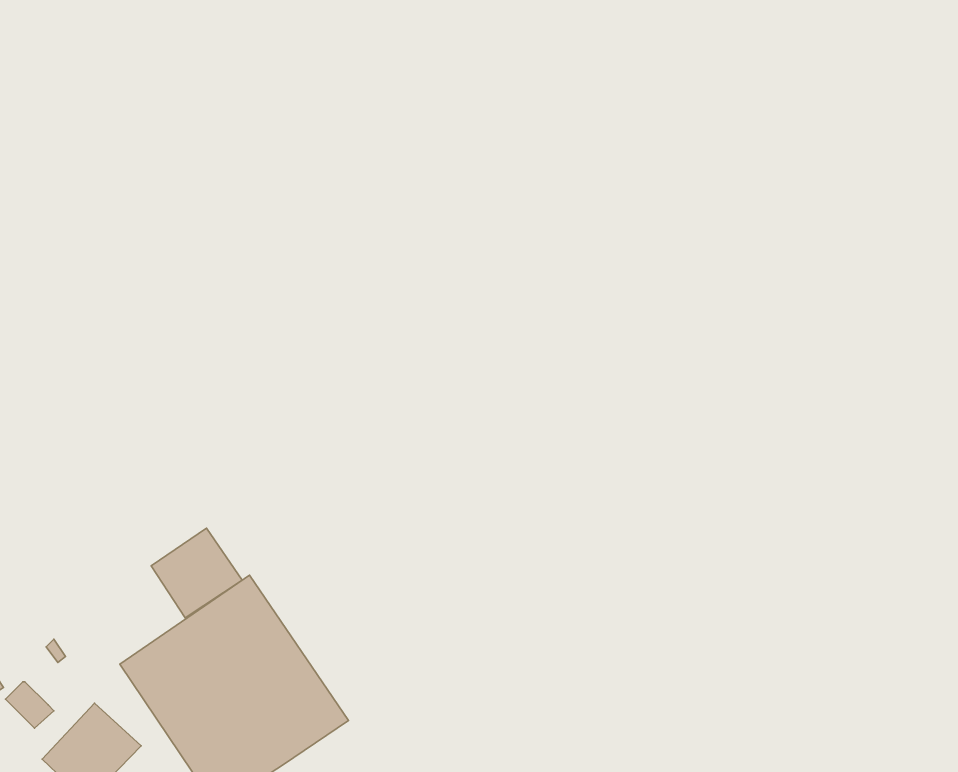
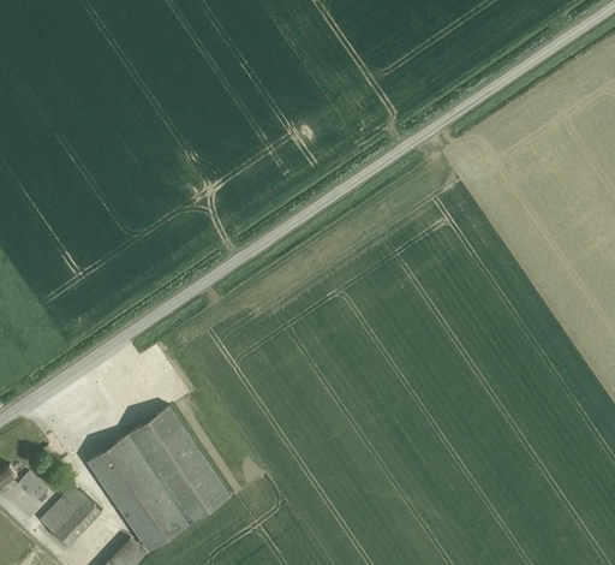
building: [151,528,242,618] -> none

